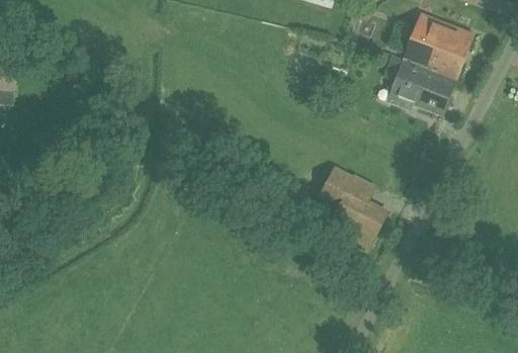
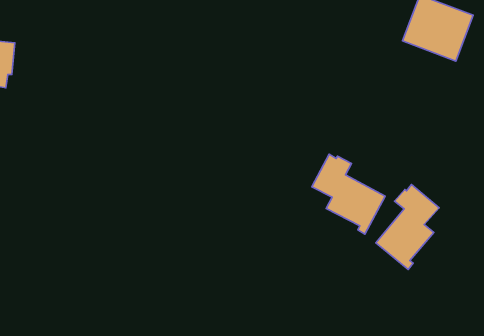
building: [384,56,456,114] -> none
building: none -> [376,185,439,270]

